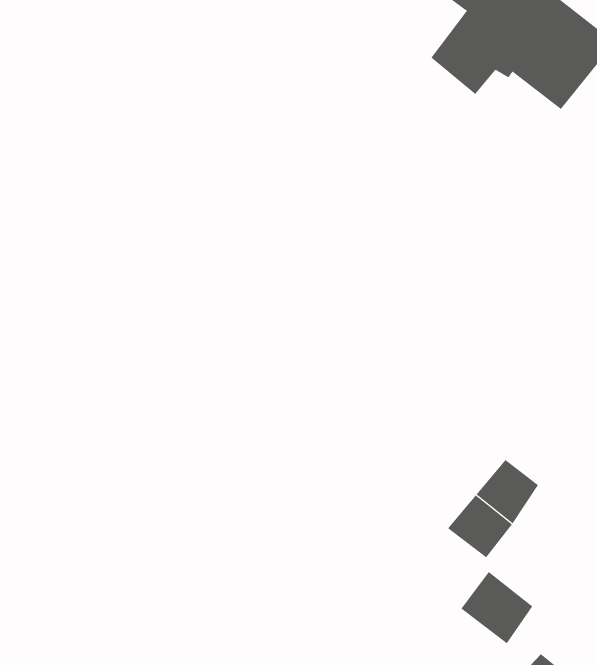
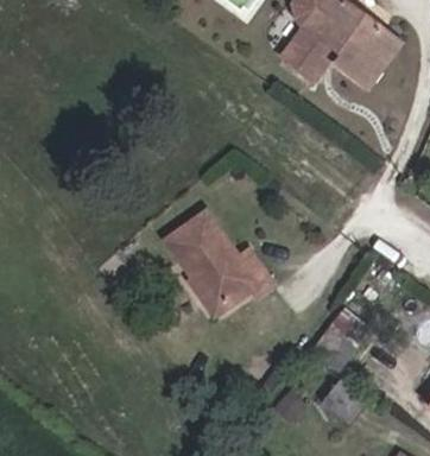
building: none -> [163,209,268,311]

